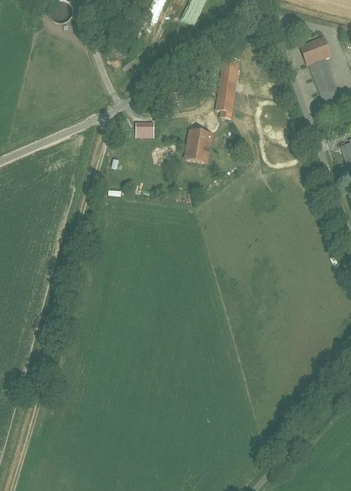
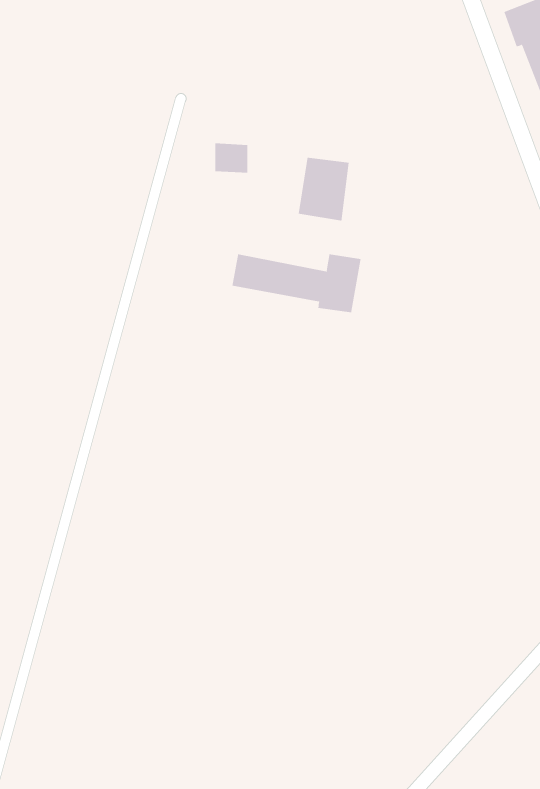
building: [217,59,240,119] -> none
building: none -> [232,253,361,313]

